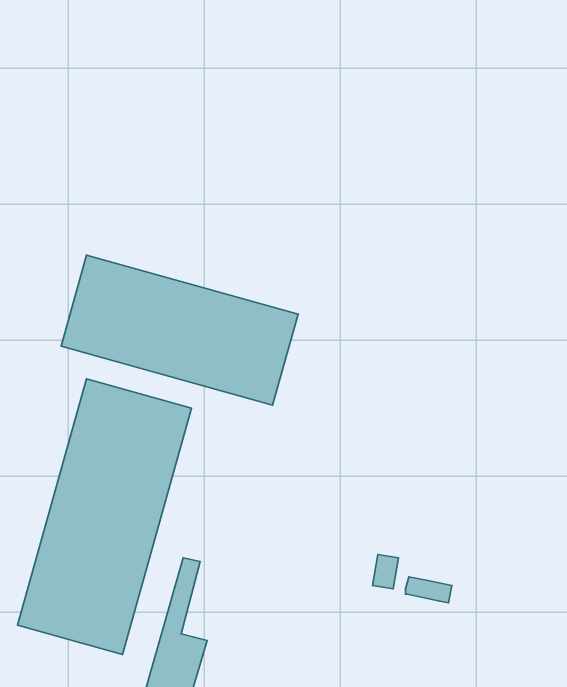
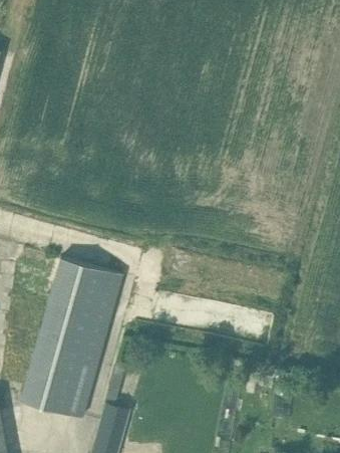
building: [61,255,298,405] -> none

